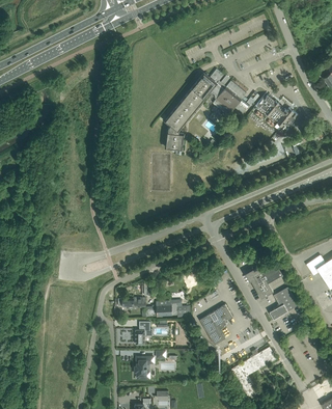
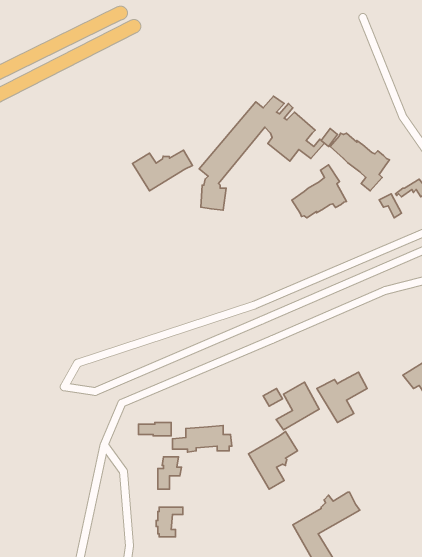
building: none -> [132,150,192,191]
building: none -> [292,165,346,218]
building: [269,287,299,320] -> [276,382,319,430]

